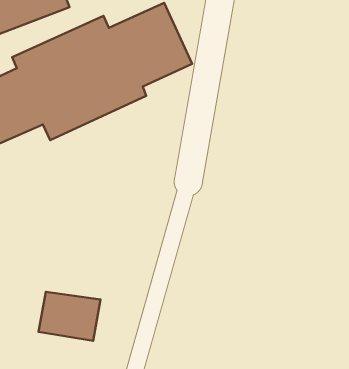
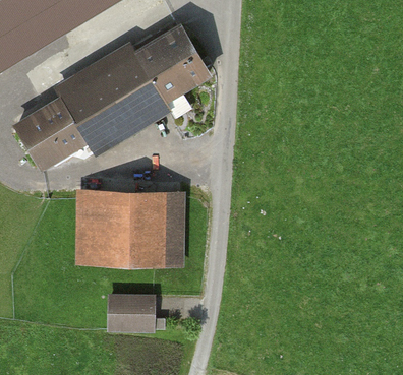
building: none -> [73,189,184,266]

